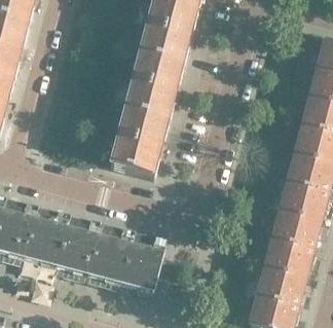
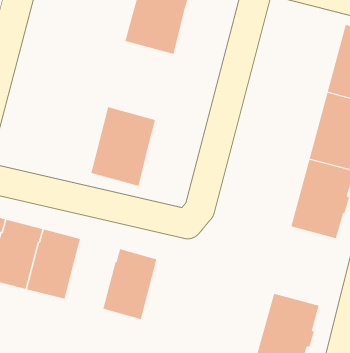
building: [124,56,181,122] -> none
building: [265,213,319,280] -> none
building: [88,223,135,283] -> none

